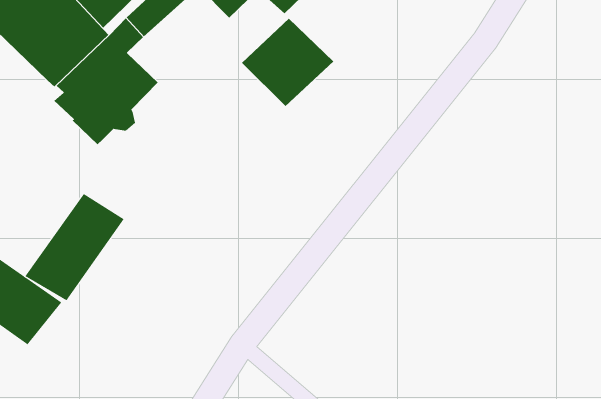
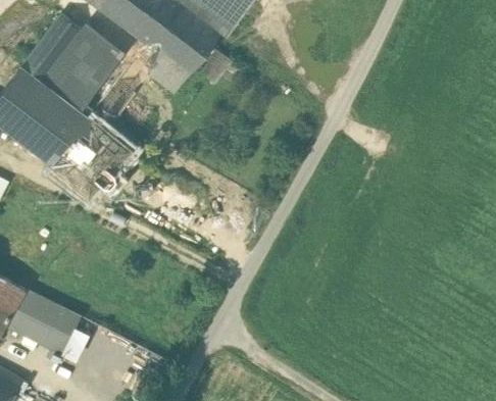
building: [241,18,334,107] -> none
building: [25,193,124,301] -> none

